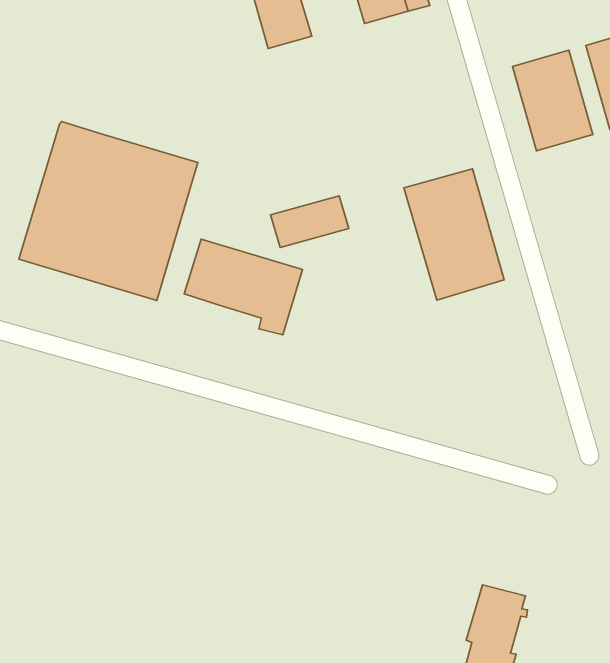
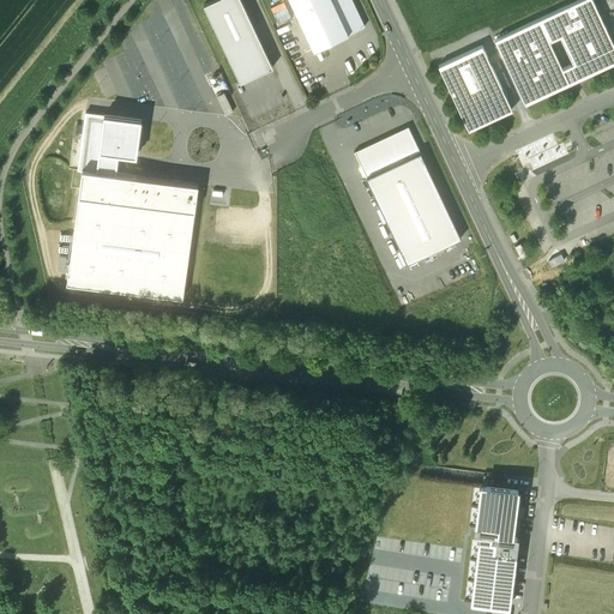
building: none -> [78,113,142,174]
building: [270,196,349,248] -> [355,130,420,179]
building: [184,239,303,335] -> none

